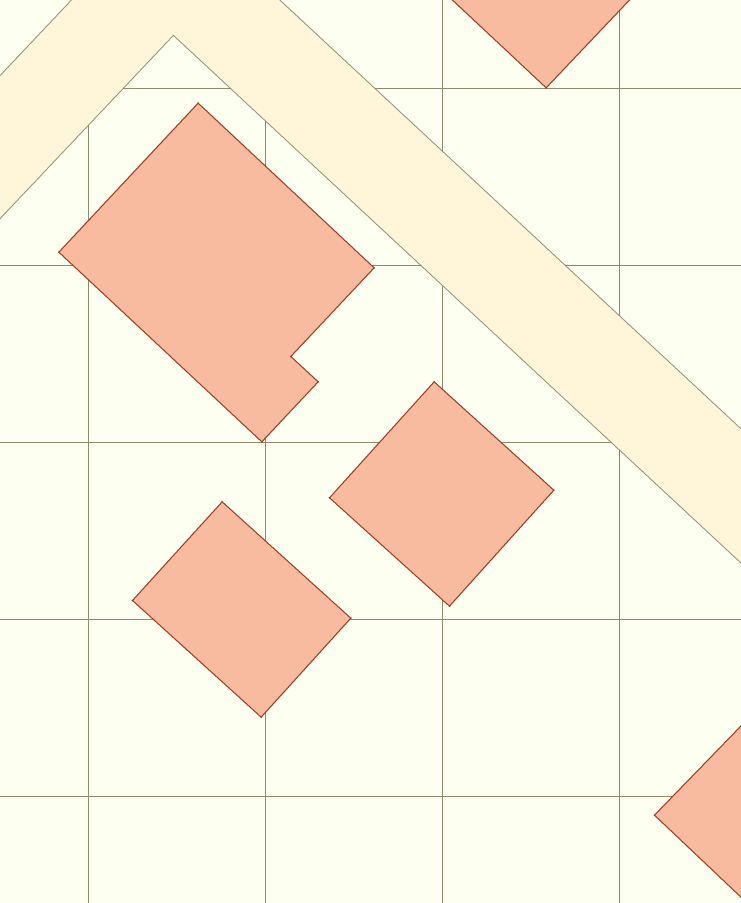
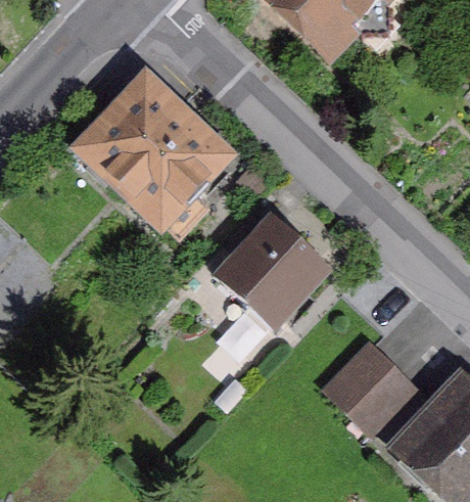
building: [132,502,351,717] -> none
building: none -> [321,343,419,439]

